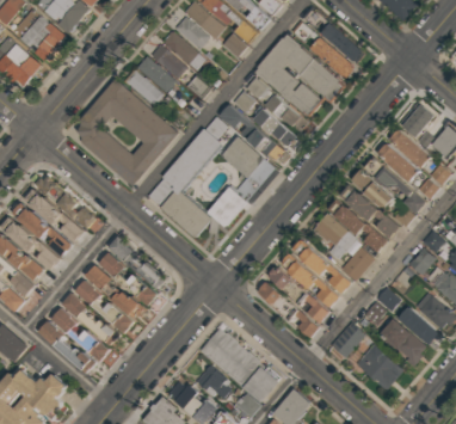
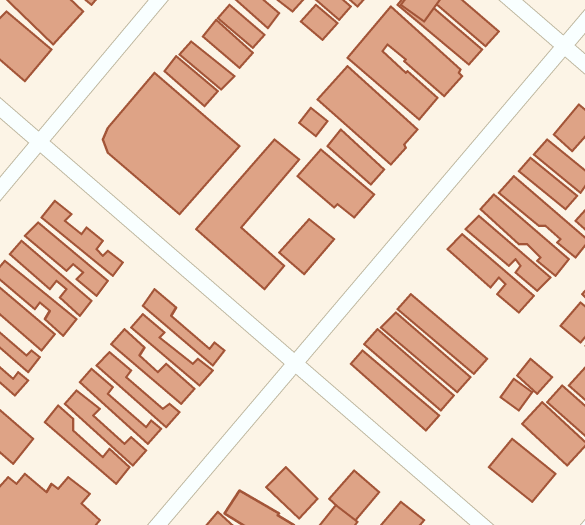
building: [315,215,377,281] -> none
building: [331,321,366,357] -> none
building: [199,328,259,385] -> none

